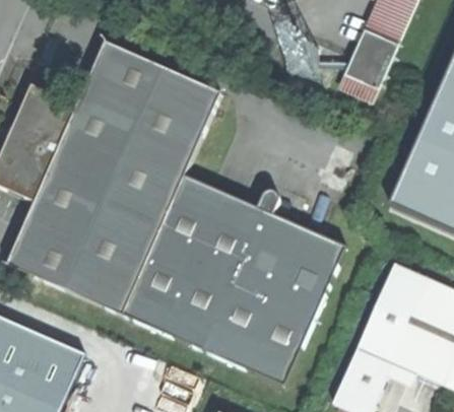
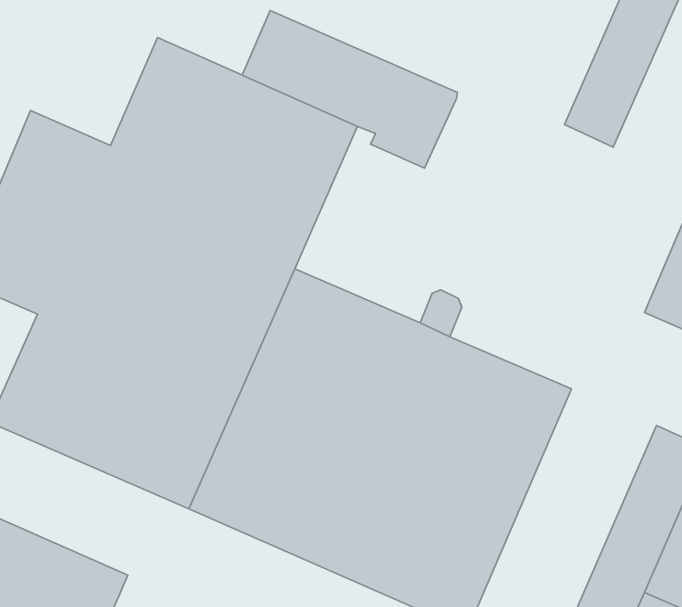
building: none -> [242,10,457,168]

